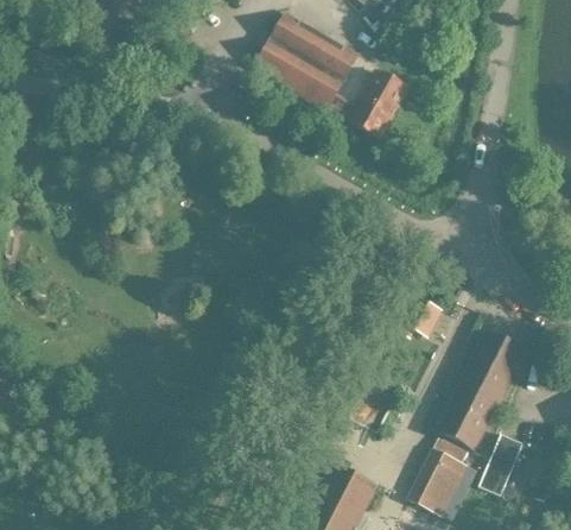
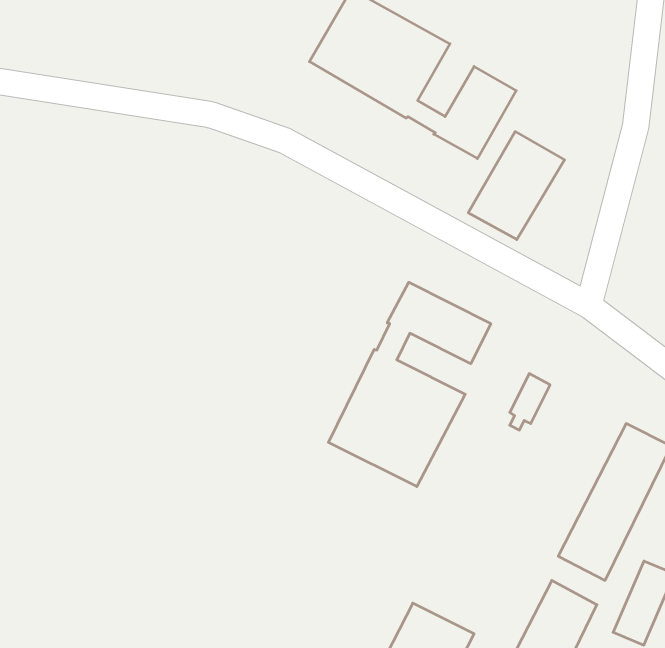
building: none -> [468,132,565,240]
building: none -> [328,282,491,487]

